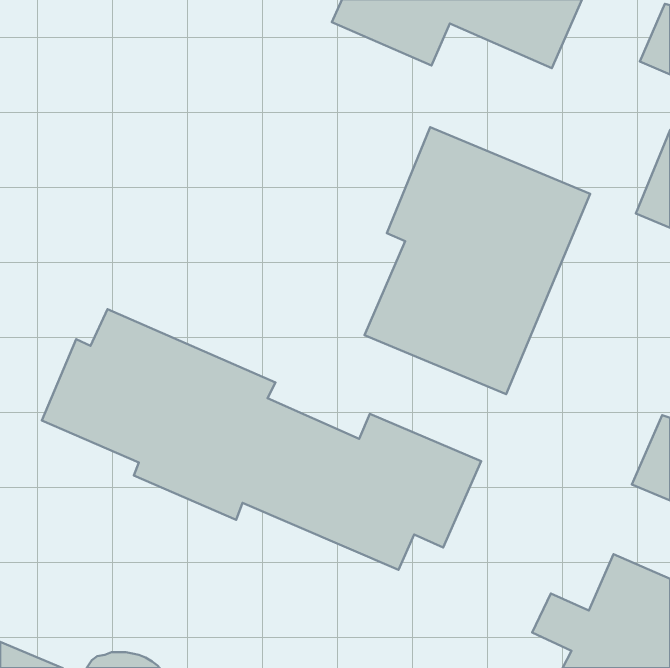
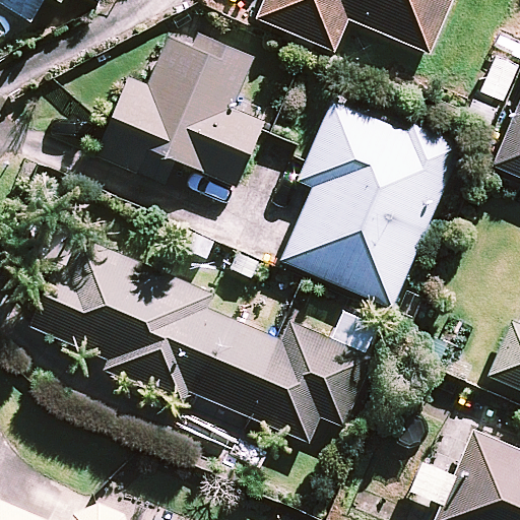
building: none -> [98,34,263,186]

